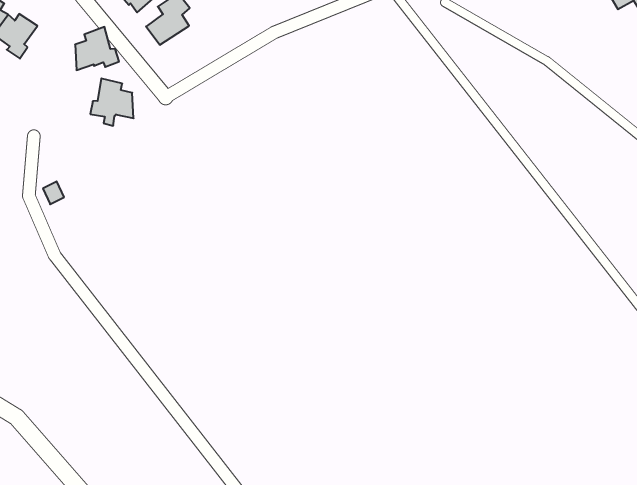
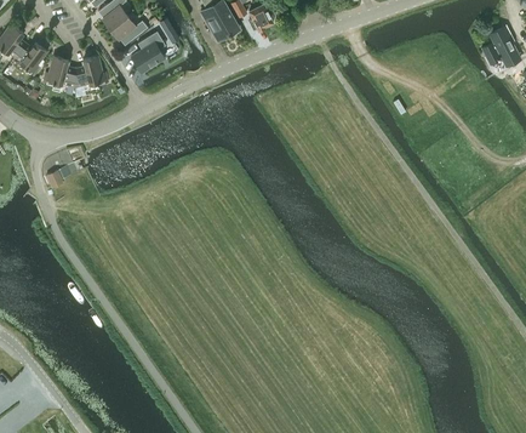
building: [90,78,134,126] -> [44,55,76,91]

